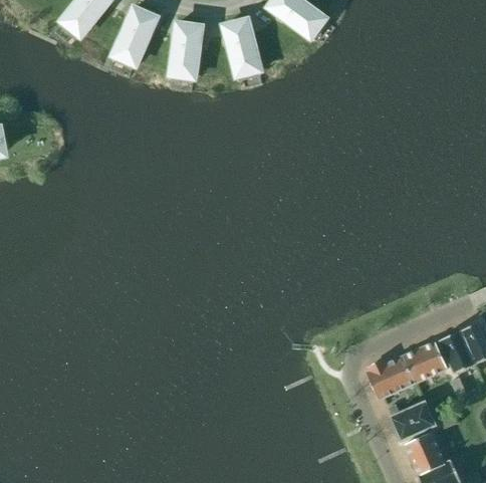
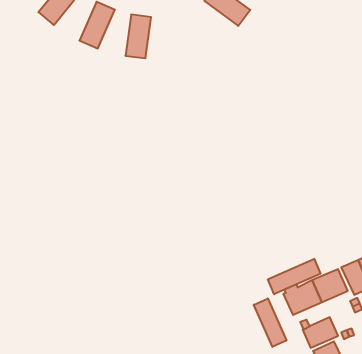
building: [225,19,262,75] -> none
building: none -> [268,259,320,294]
building: none -> [254,298,286,347]

